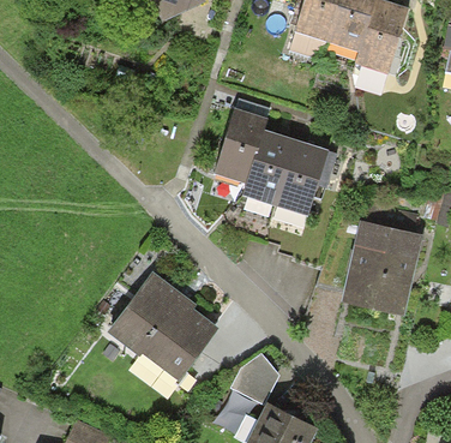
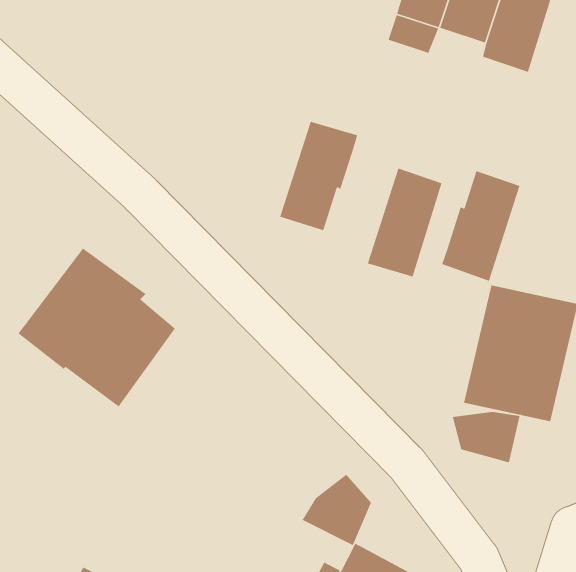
building: [241,128,296,206] -> [441,170,520,282]
building: [107,271,217,383] -> [17,247,176,408]
building: none -> [452,411,520,463]

